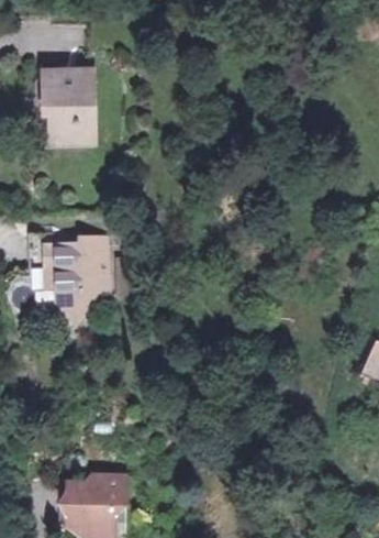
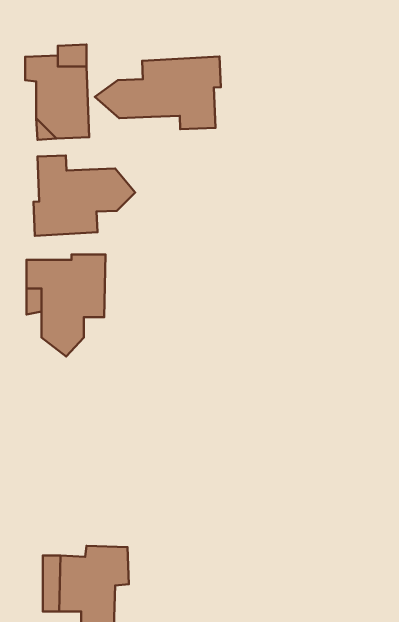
building: none -> [95,57,221,129]
building: none -> [34,156,135,236]

